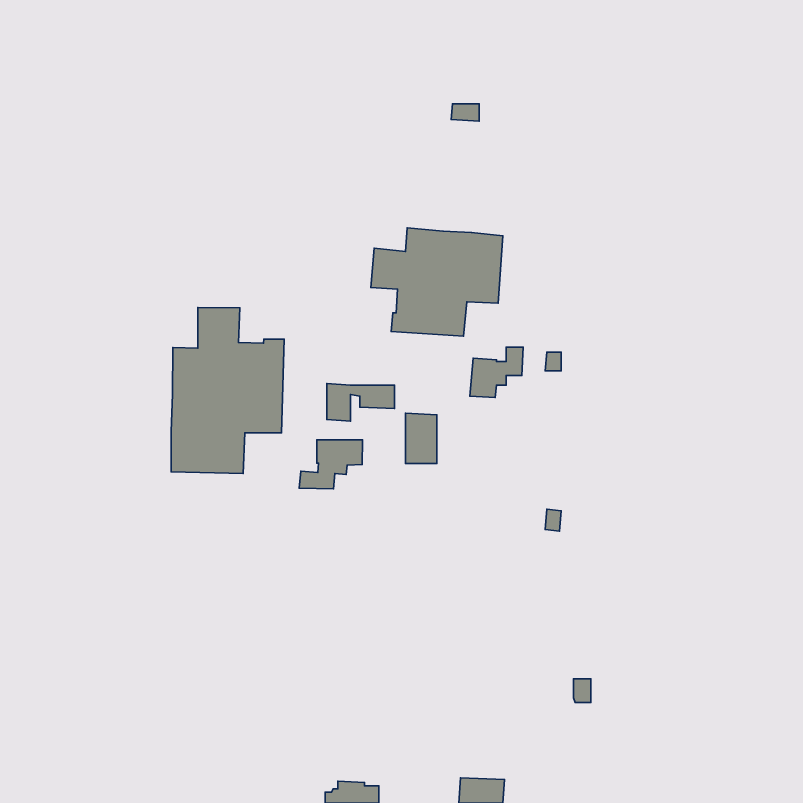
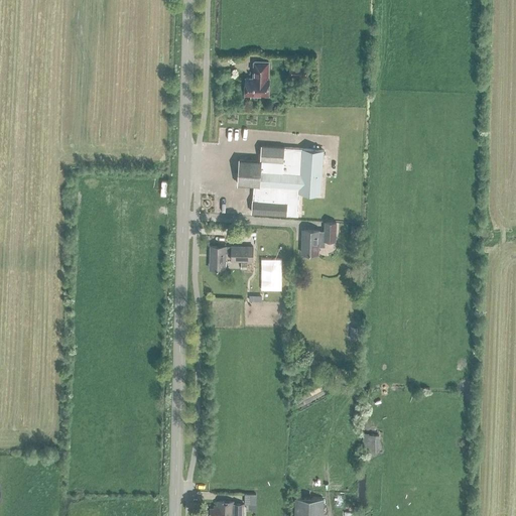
building: none -> [244,62,269,96]
building: [171,307,284,474] -> none
building: [299,440,363,489] -> none

